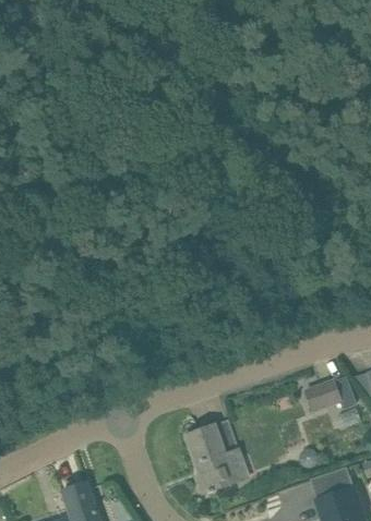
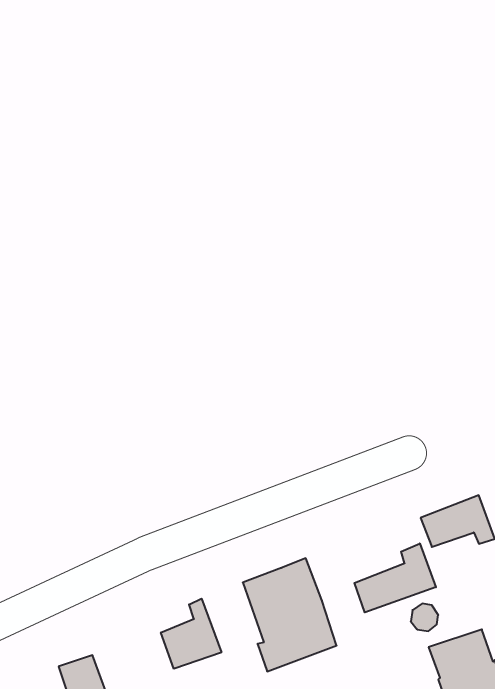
building: none -> [354,543,436,612]
building: none -> [161,599,221,669]

